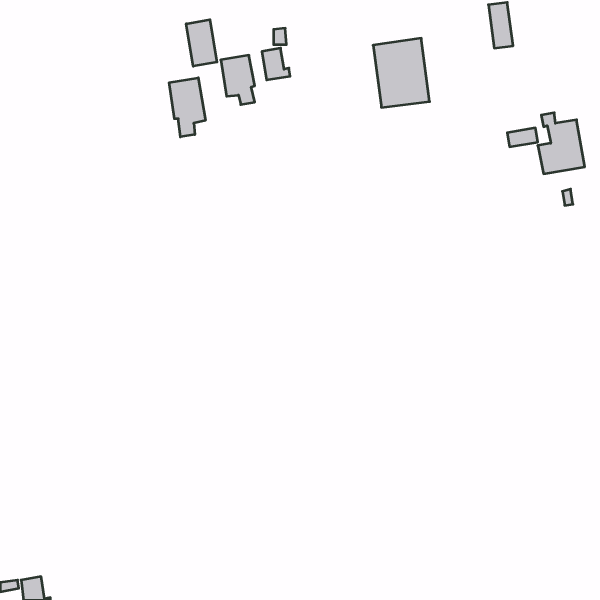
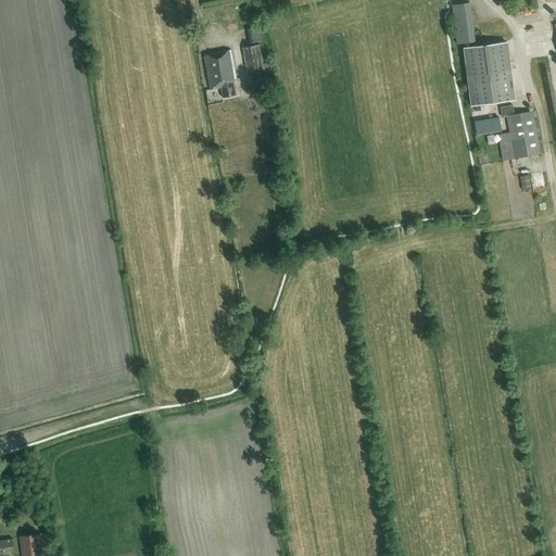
building: [186,20,217,66] -> none
building: [373,38,430,107] -> [463,41,515,105]
building: [169,78,205,137] -> none

